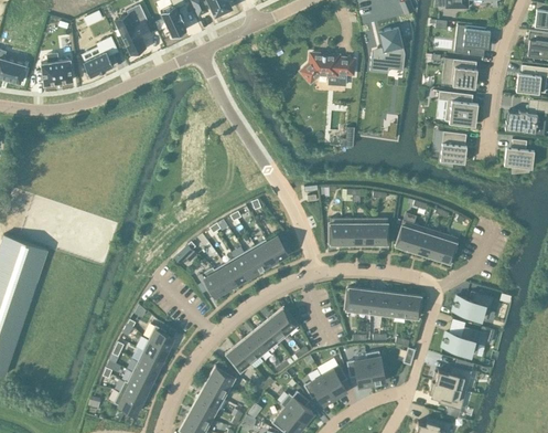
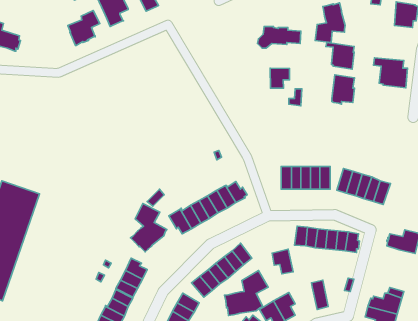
building: [41,54,73,85] -> none
building: [443,59,476,89] -> [326,43,354,69]
building: none -> [270,68,290,88]
building: [440,131,466,166] -> [332,75,355,104]
building: none -> [130,204,167,252]
building: [442,327,482,357] -> none
building: none -> [225,271,268,316]
building: [347,359,372,388] -> [272,249,293,274]

